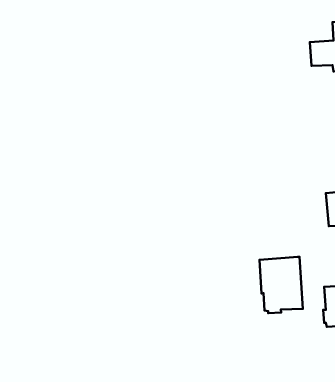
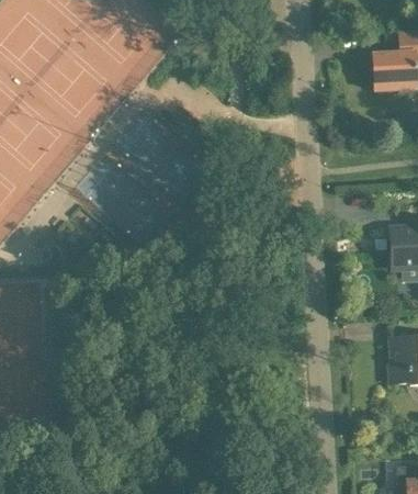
building: [260,257,303,313] -> none

